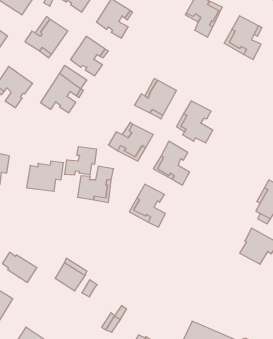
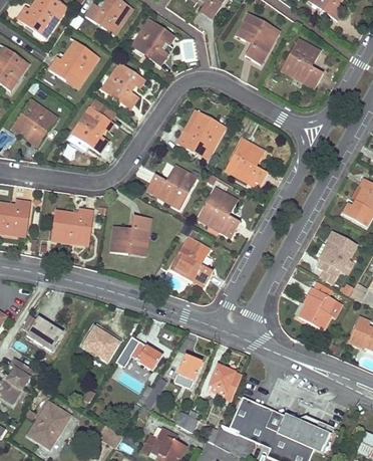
building: [65,147,96,175] -> none
building: none -> [130,343,161,369]
building: none -> [174,357,201,388]
building: none -> [209,366,242,401]

